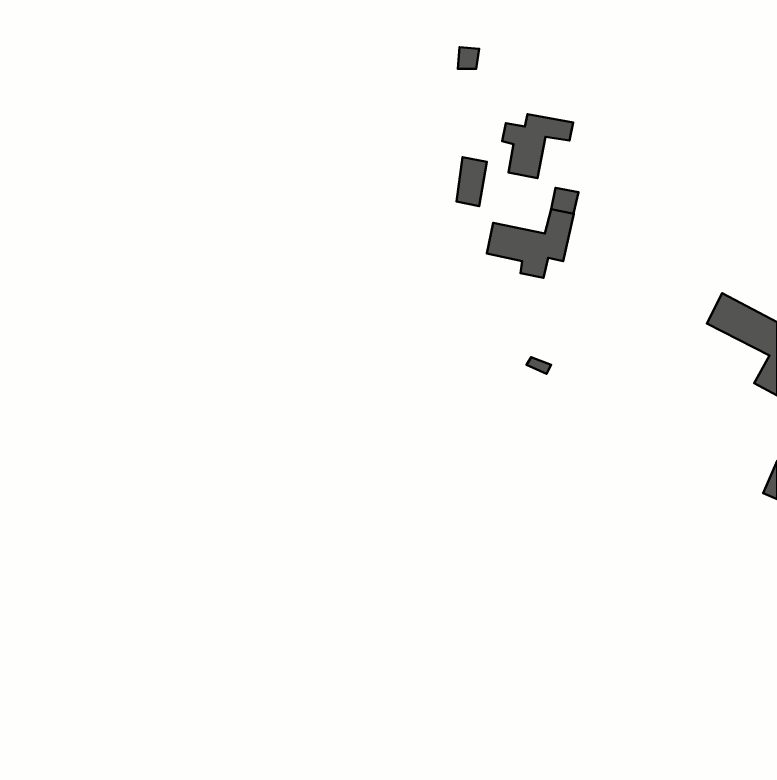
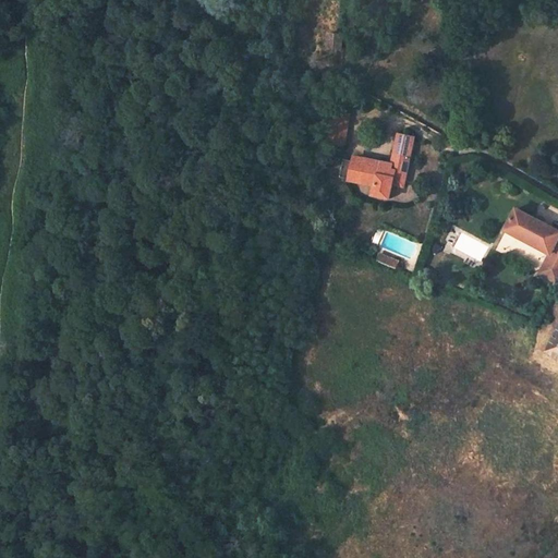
building: [502,114,573,178] -> none

